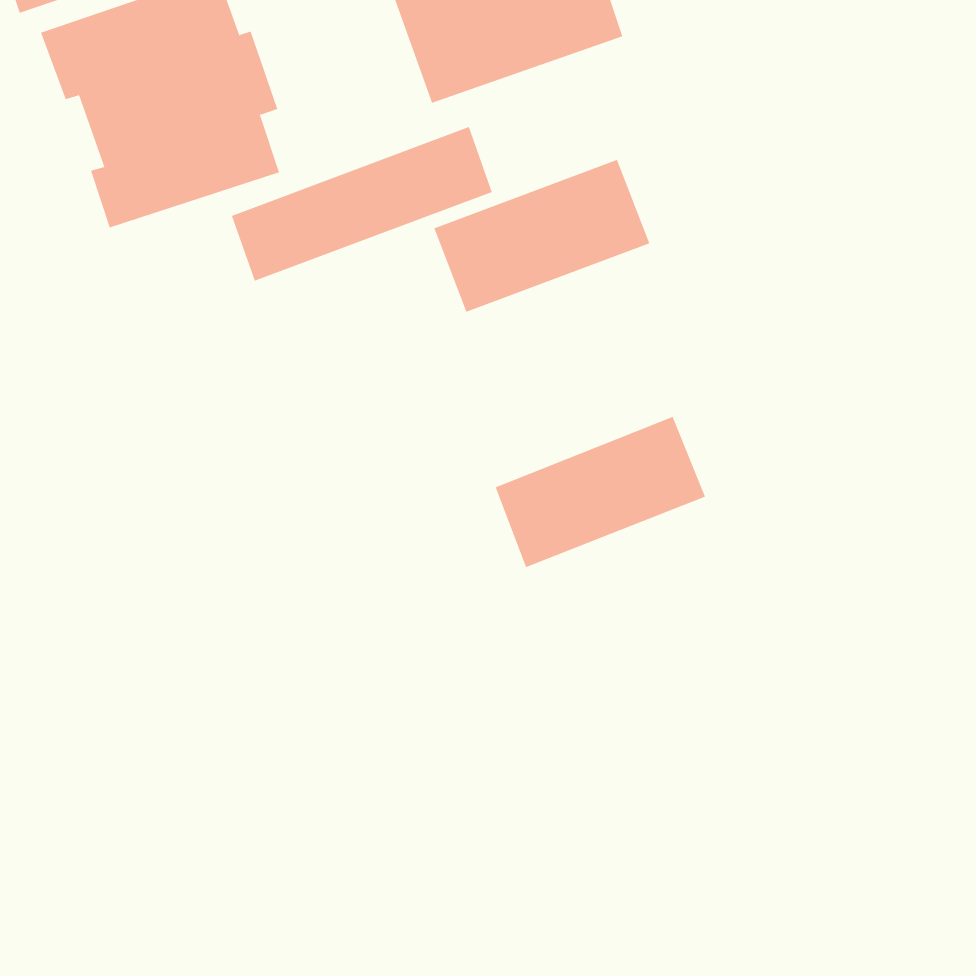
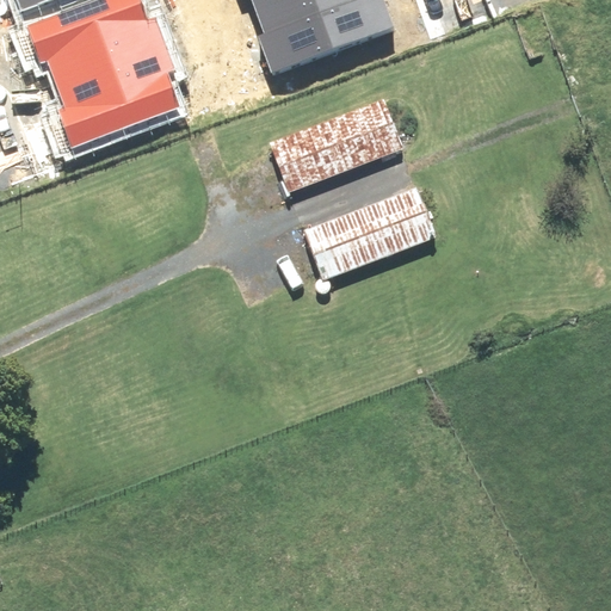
building: [231,126,493,282] -> none
building: [495,416,706,568] -> [304,189,436,283]

